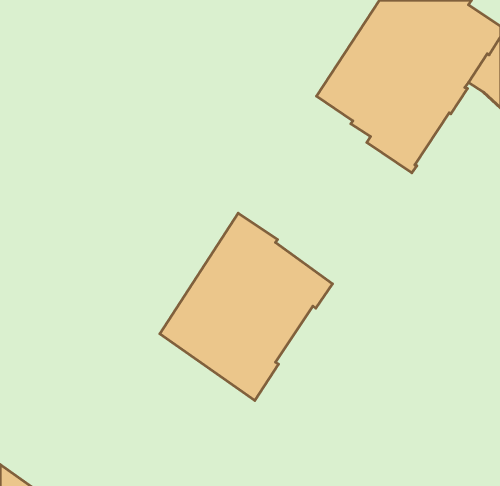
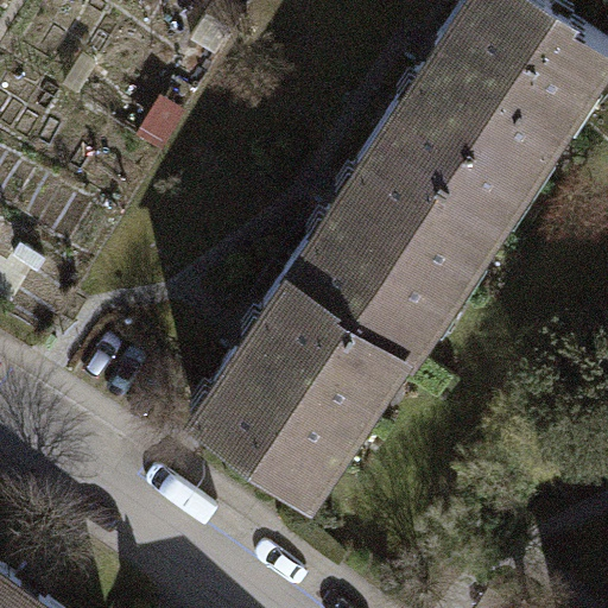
building: none -> [290,135,500,365]

